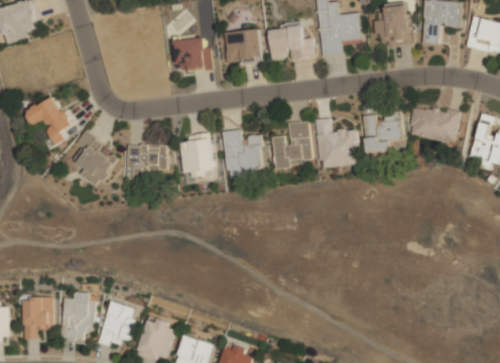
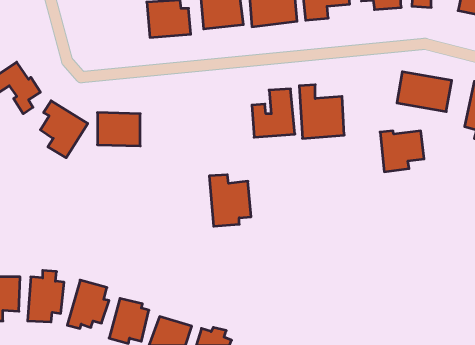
building: [362,114,403,152] -> [380,131,424,172]
building: [222,129,261,177] -> [209,175,251,226]
building: [179,132,214,176] -> none

